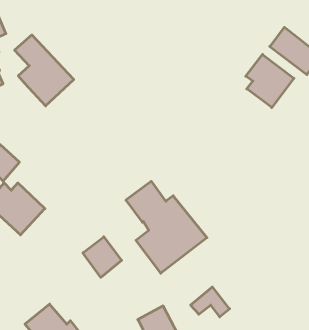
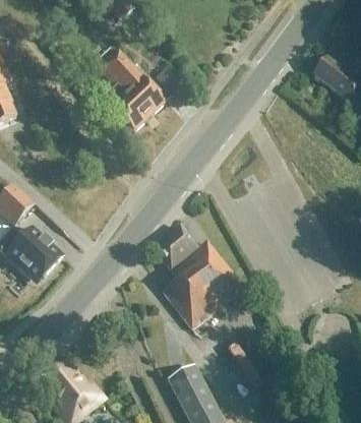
building: [15,35,74,106] -> [100,50,166,129]
building: [246,54,294,108] -> none
building: [83,237,122,277] -> none

